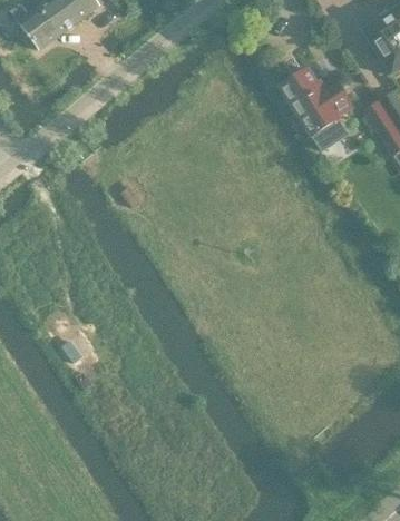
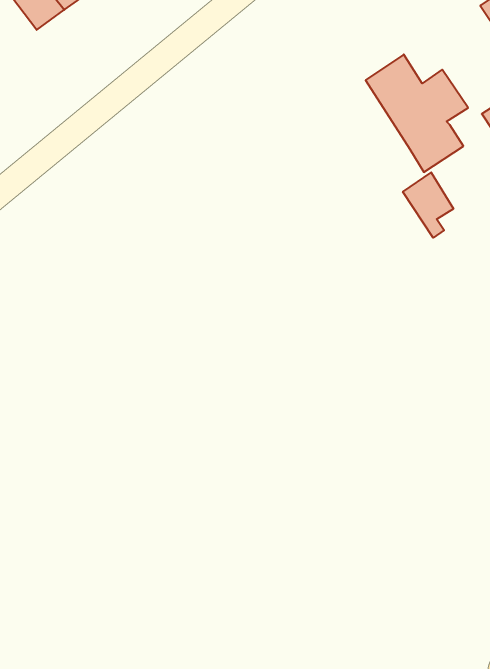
building: none -> [403,172,453,238]

